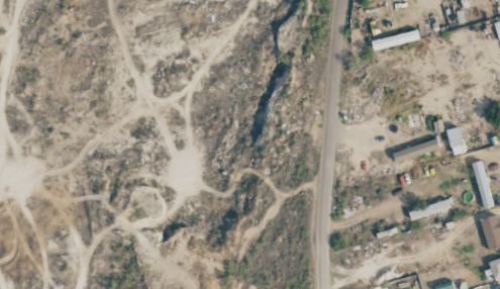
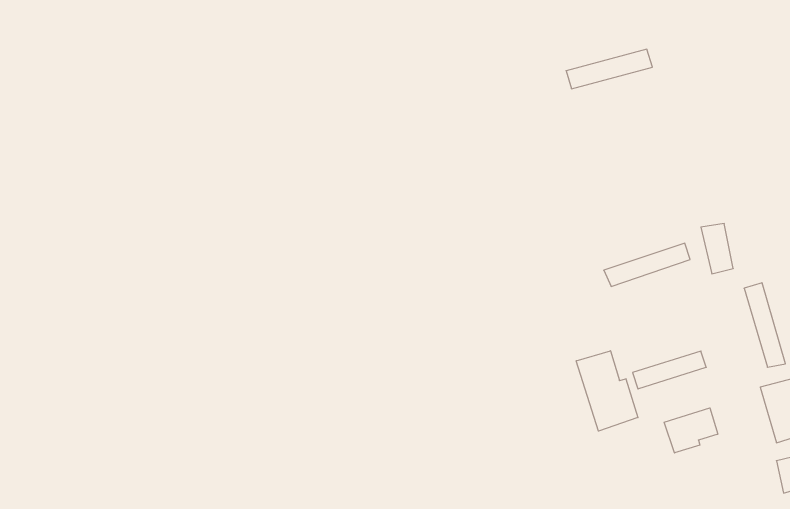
building: none -> [576,351,638,431]
building: none -> [664,408,718,453]

